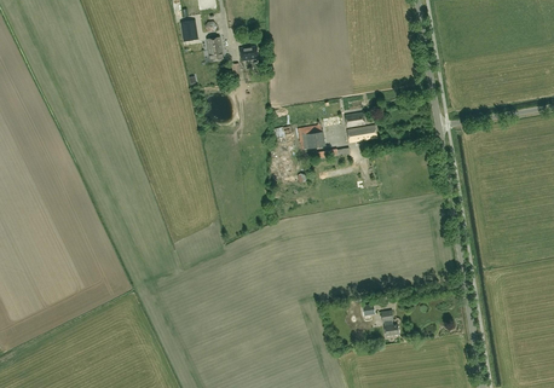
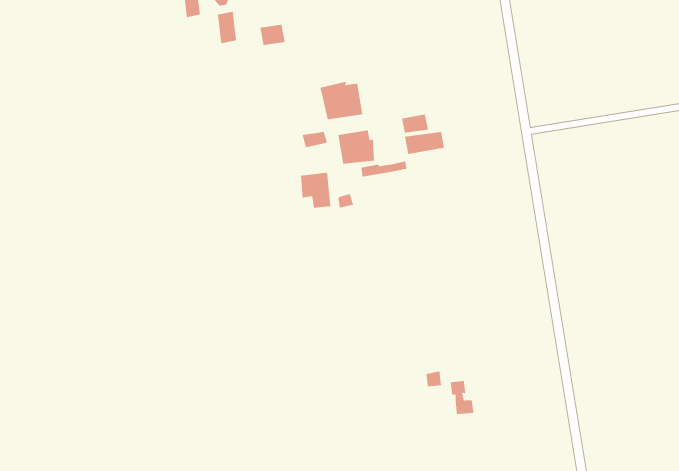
building: none -> [320,81,363,120]

